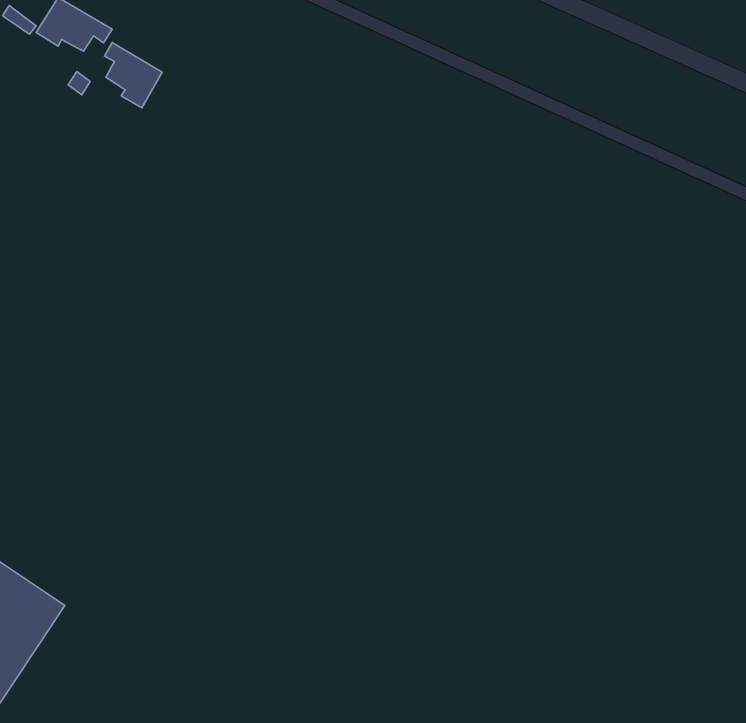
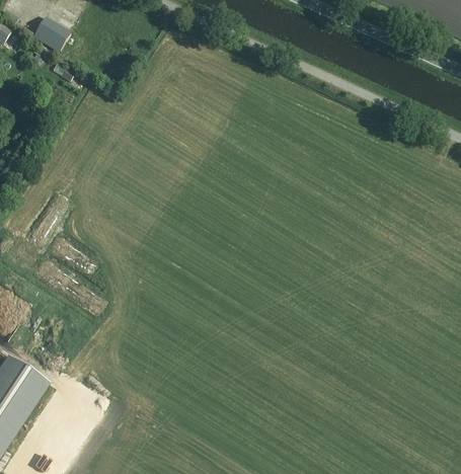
building: [104,43,162,108] -> none

